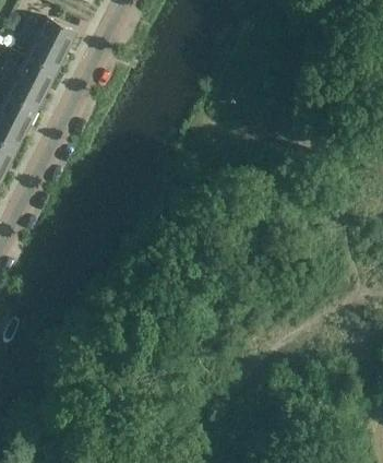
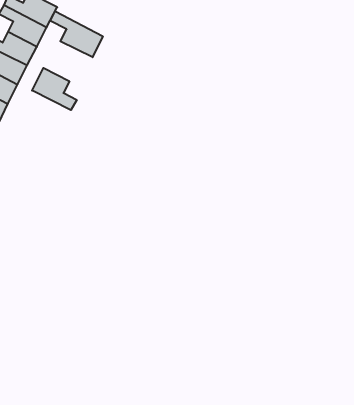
building: none -> [50,11,103,57]
building: none -> [32,68,77,110]

